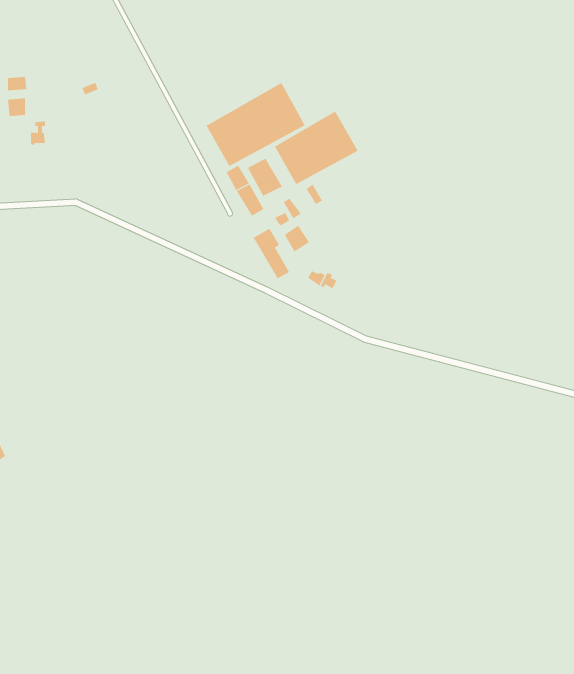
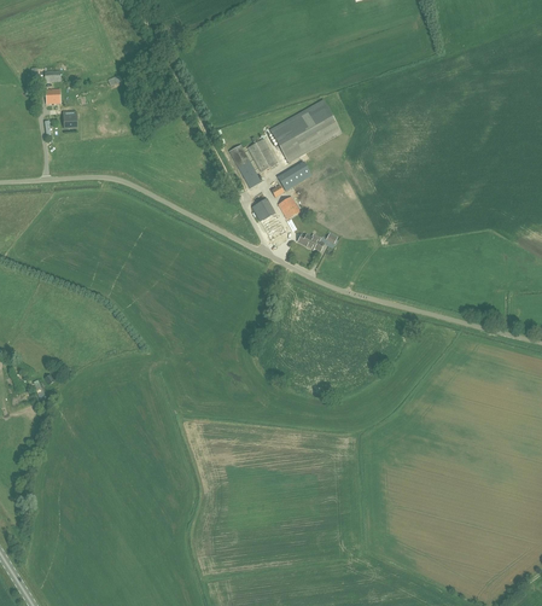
building: [206,82,305,167] -> none

